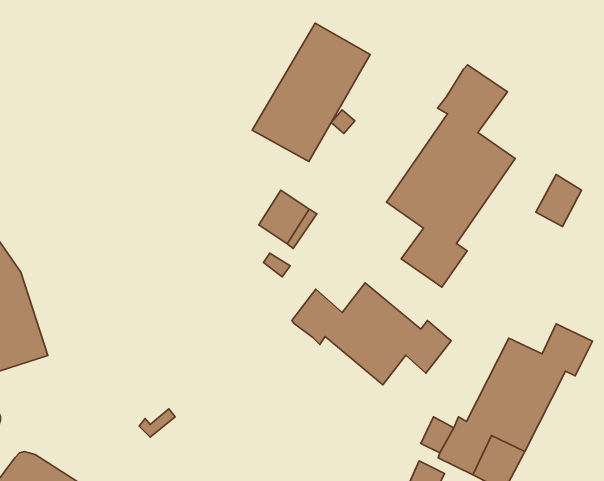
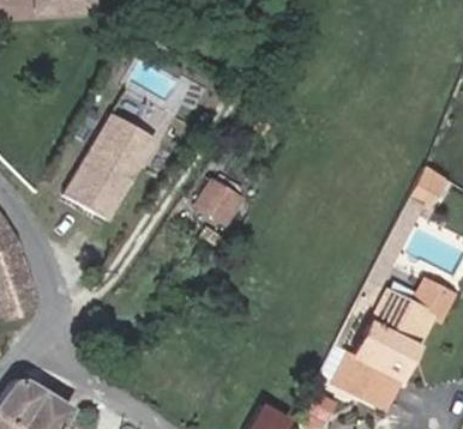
building: [252,23,370,162] -> [65,114,155,219]
building: [386,65,515,287] -> none
building: [292,283,451,385] -> none

